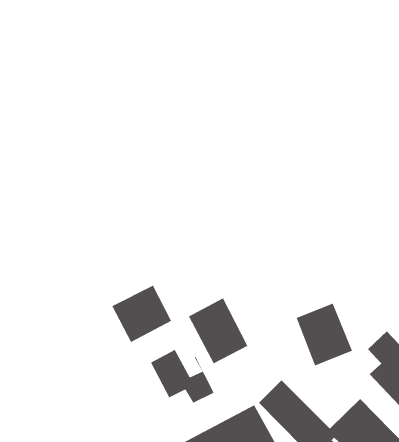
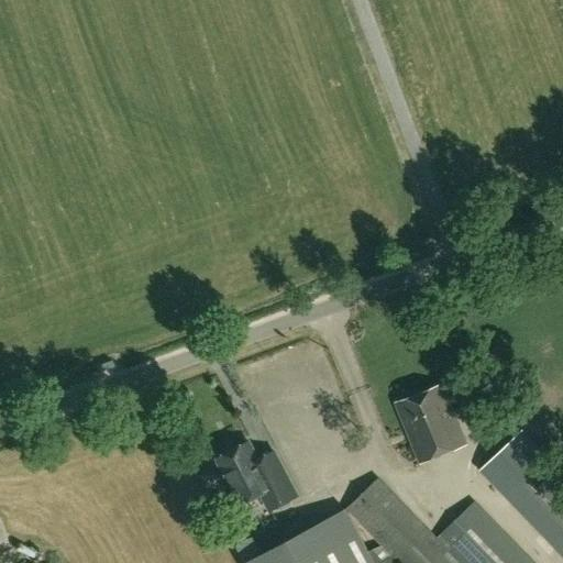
building: [112,285,172,343] -> none
building: [188,298,248,364] -> none

